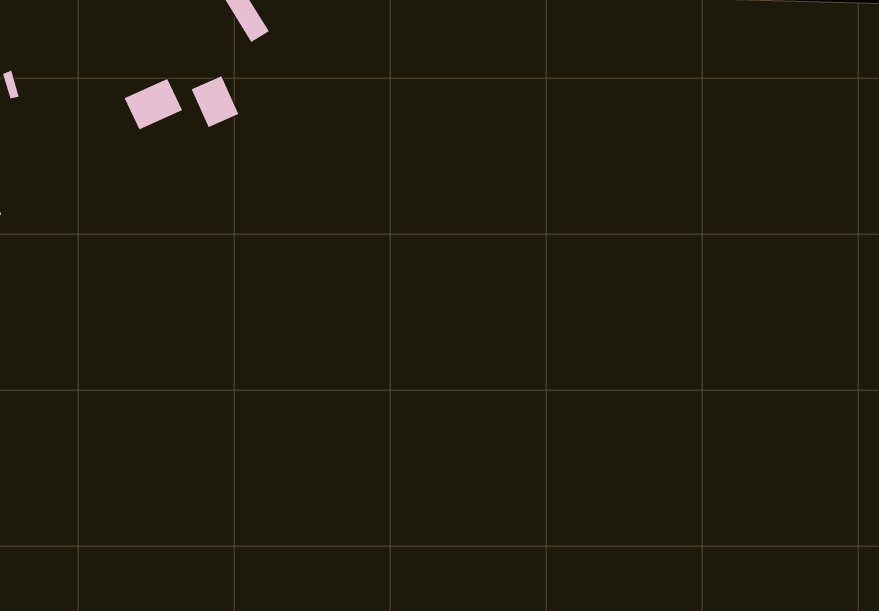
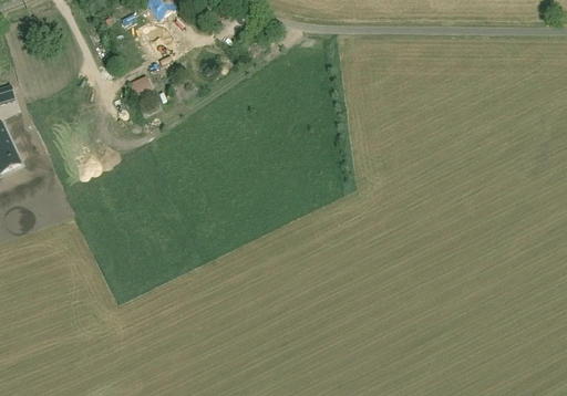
building: [124,78,183,130] -> none

